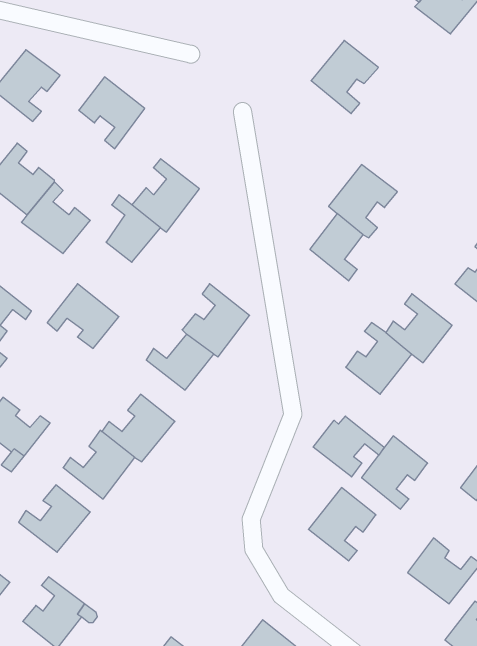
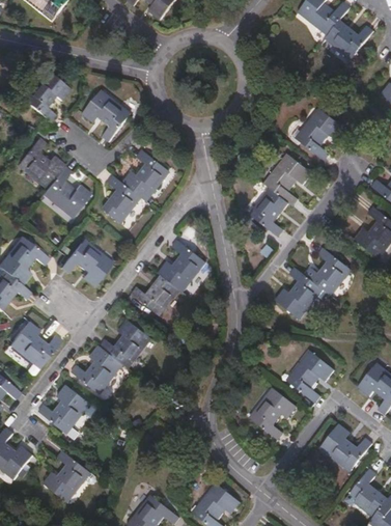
building: [311,40,378,114] -> [295,108,343,161]
building: [313,416,384,477] -> none

